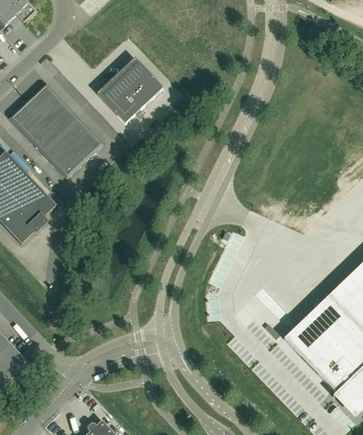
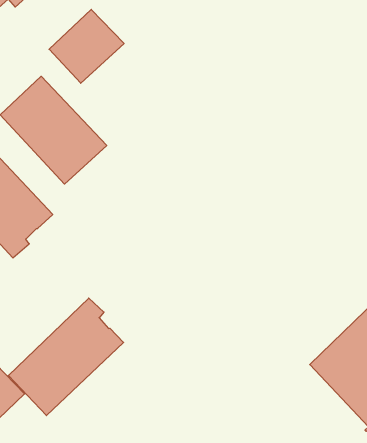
building: [97,57,163,123] -> [49,9,124,83]
building: none -> [8,298,124,416]

